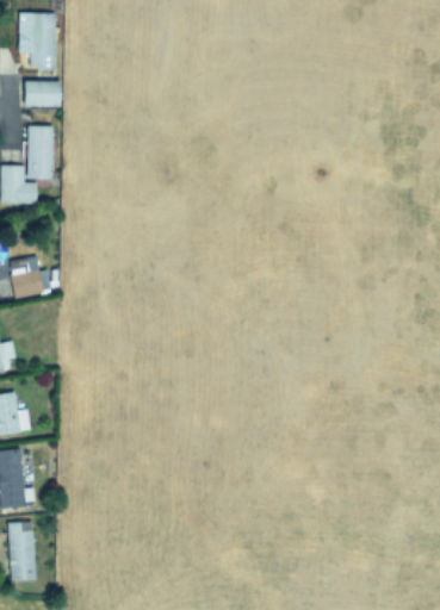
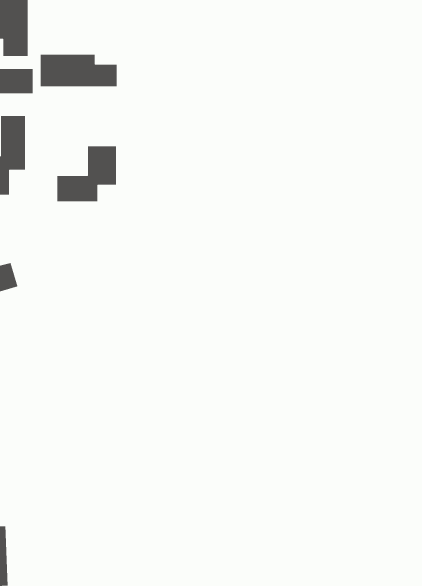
building: none -> [40,54,118,87]
building: none -> [56,145,117,202]

